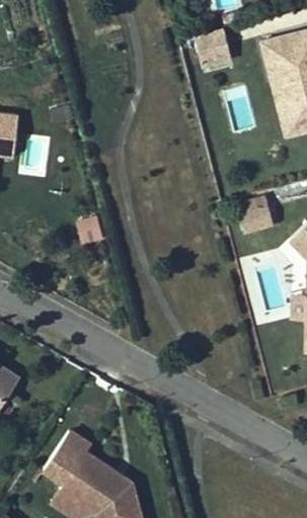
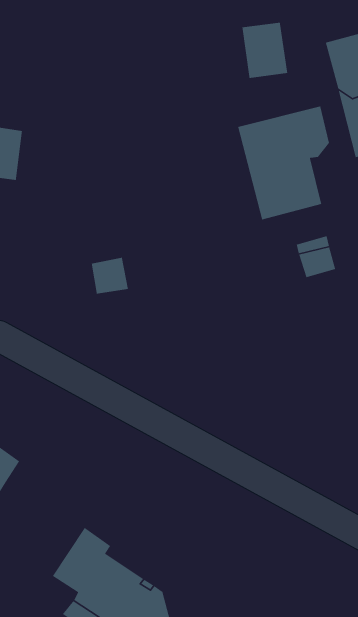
building: none -> [237,106,330,221]

